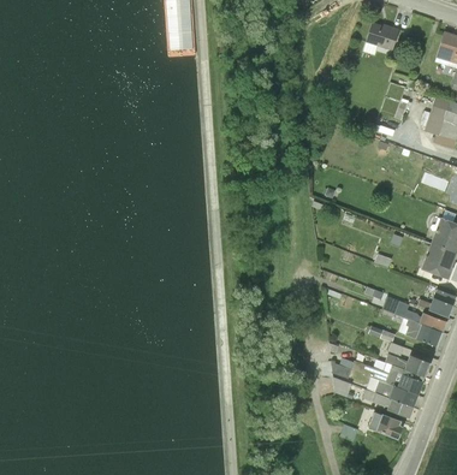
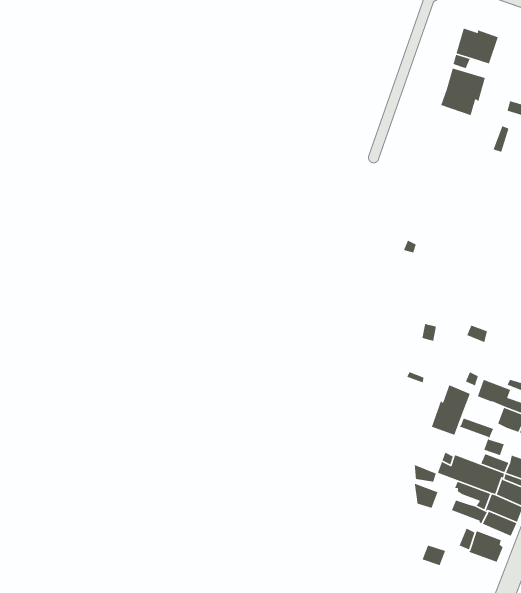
building: none -> [440,67,486,116]
building: none -> [431,384,471,436]

